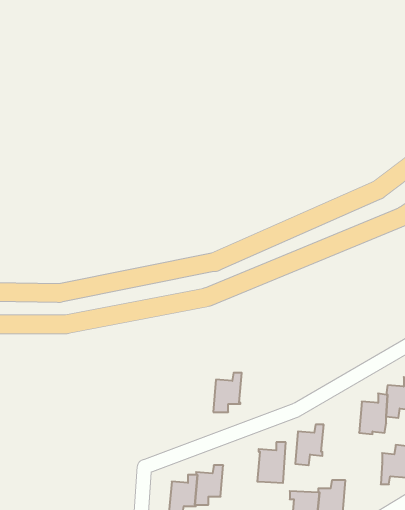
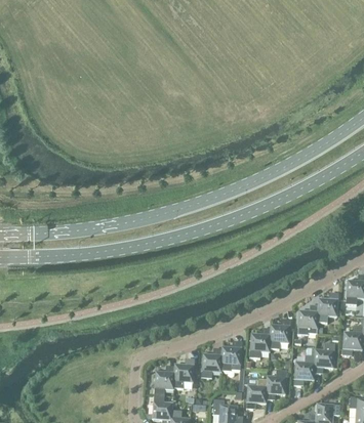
building: [213,373,242,412] -> [201,347,223,377]
building: none -> [269,318,290,348]
building: none -> [294,354,315,384]

